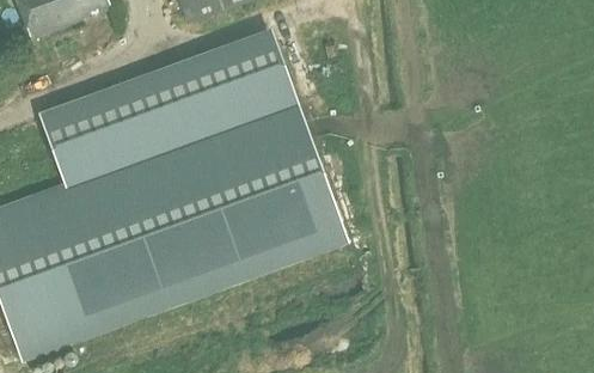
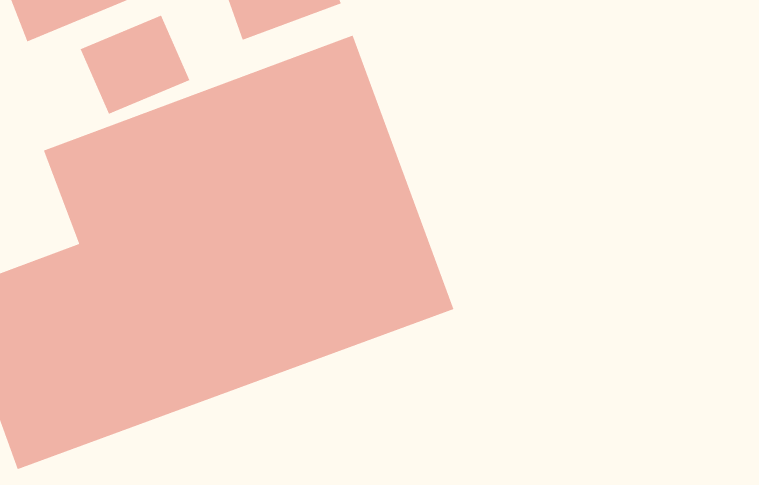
building: none -> [79,15,191,115]

